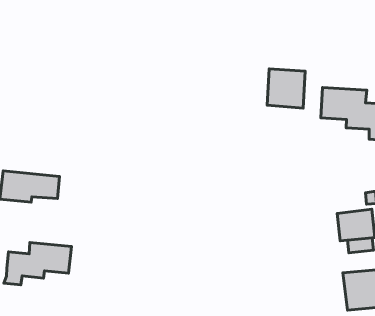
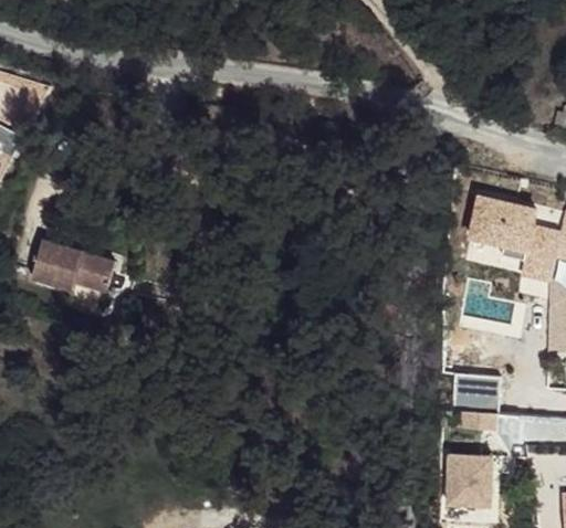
building: [267,69,305,108] -> none
building: [4,243,71,285] -> none

